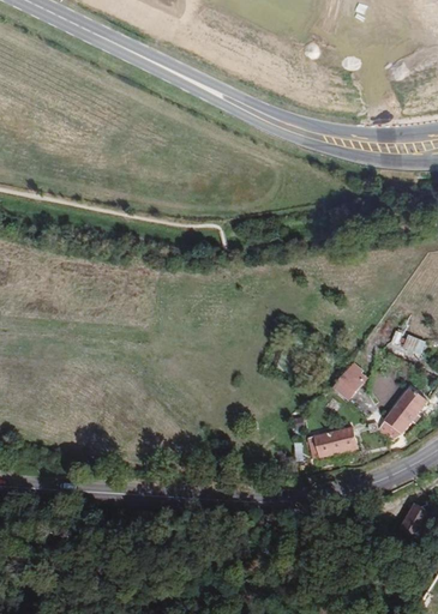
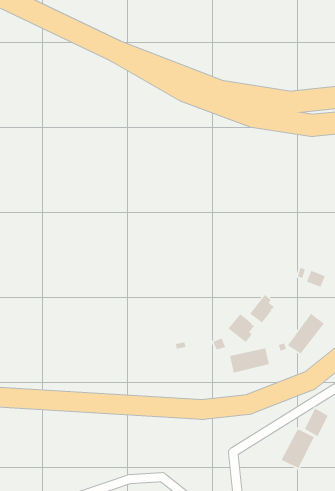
building: none -> [227,313,255,343]
building: none -> [281,428,315,469]

